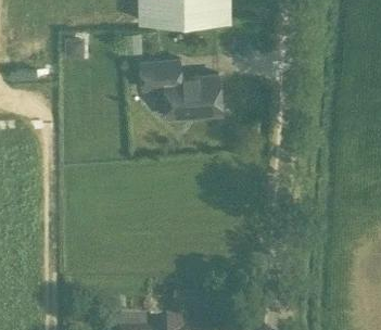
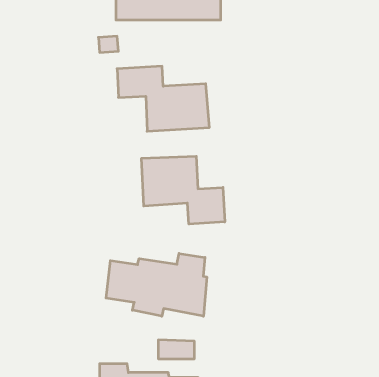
building: none -> [142,156,225,224]
building: none -> [106,253,207,316]

